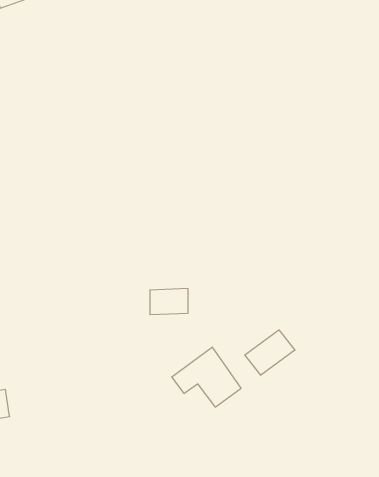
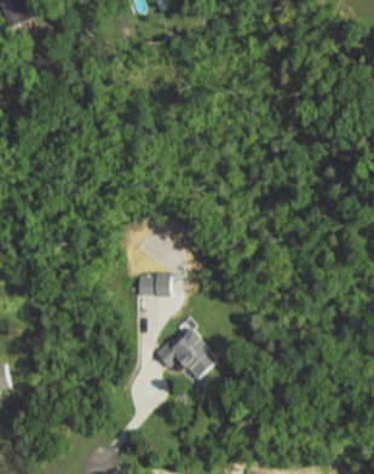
building: [245,330,295,375] -> none

